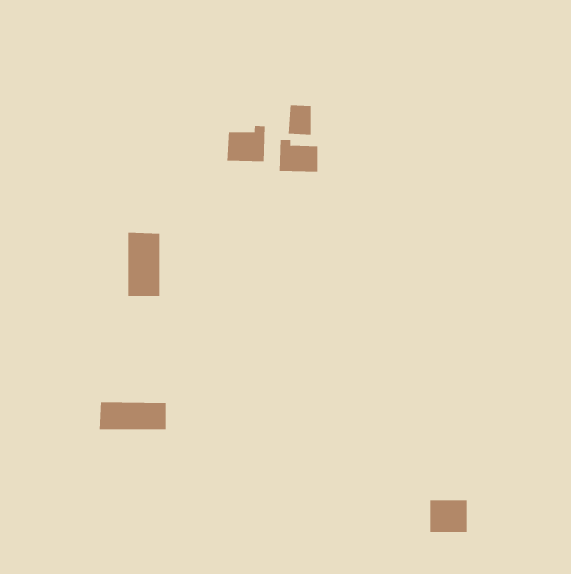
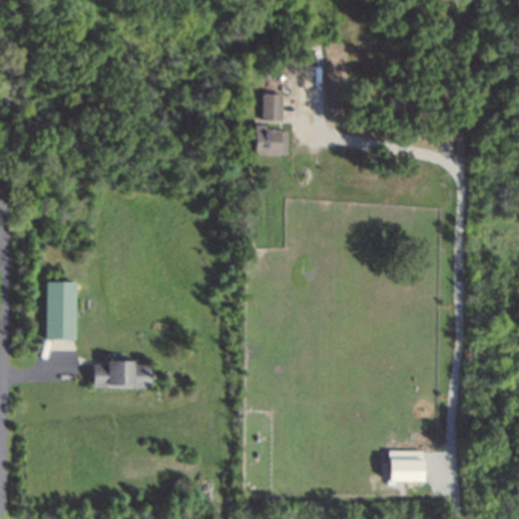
building: [227,125,265,162] -> none
building: [127,232,160,296] -> [47,281,76,339]

